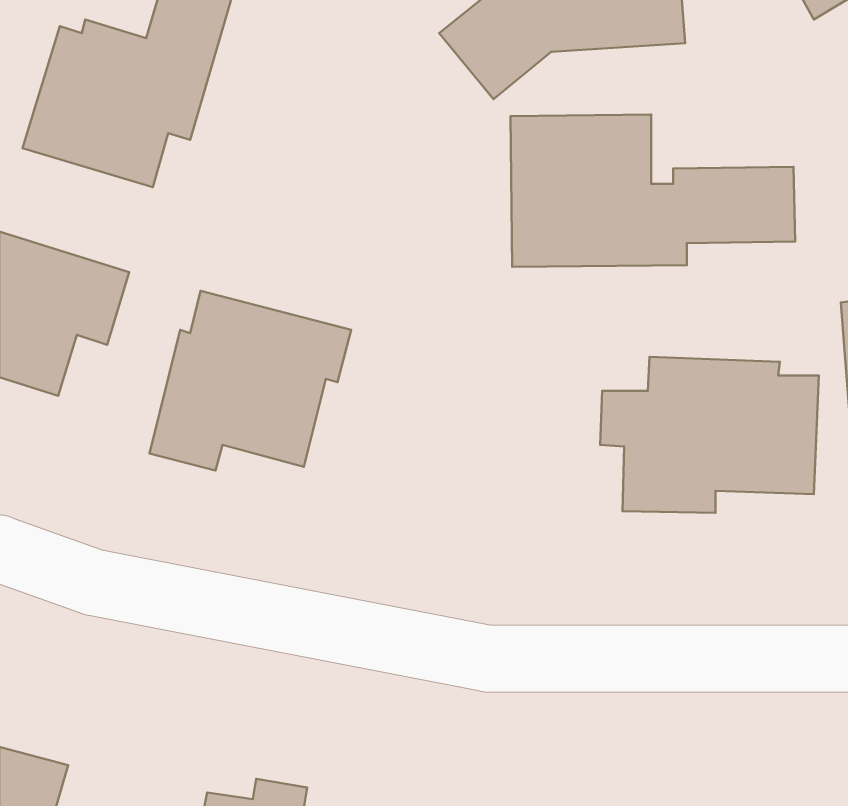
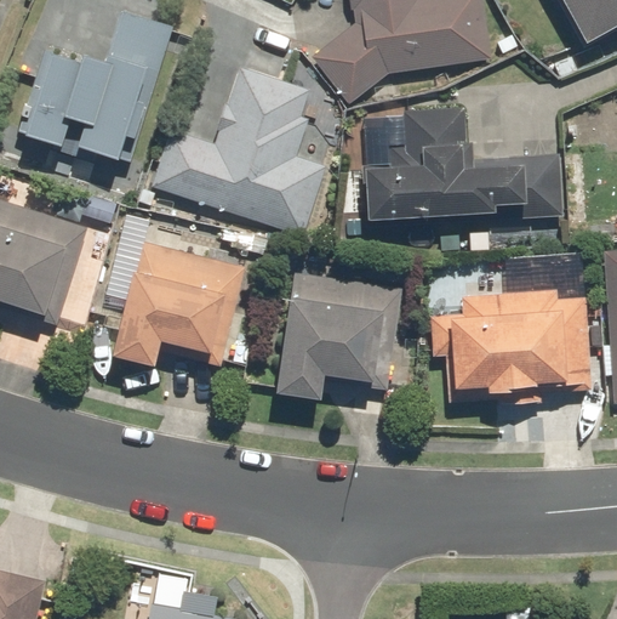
building: none -> [153,68,332,233]
building: none -> [275,263,402,399]

